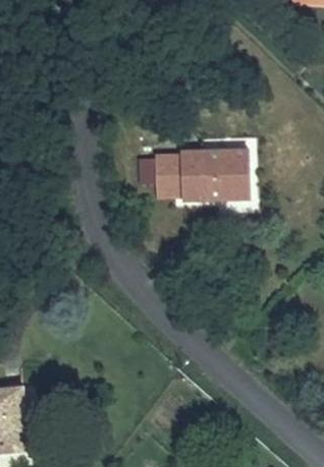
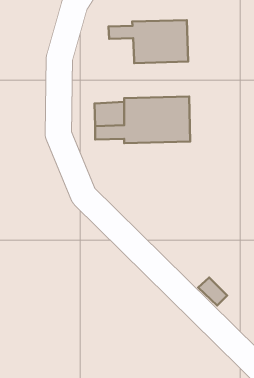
building: none -> [108,20,188,63]

